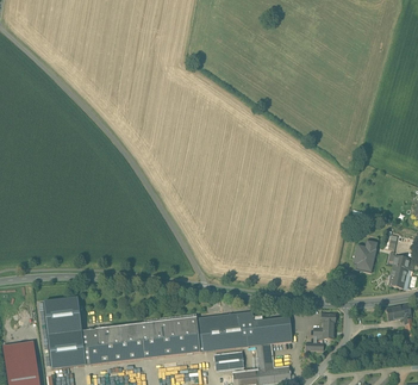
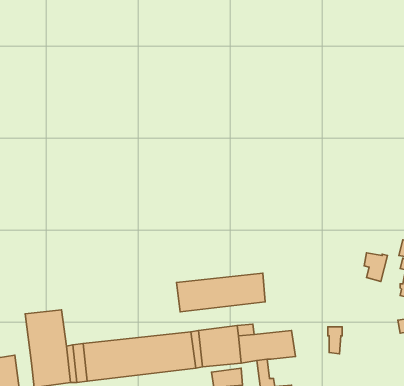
building: none -> [176,273,265,312]

